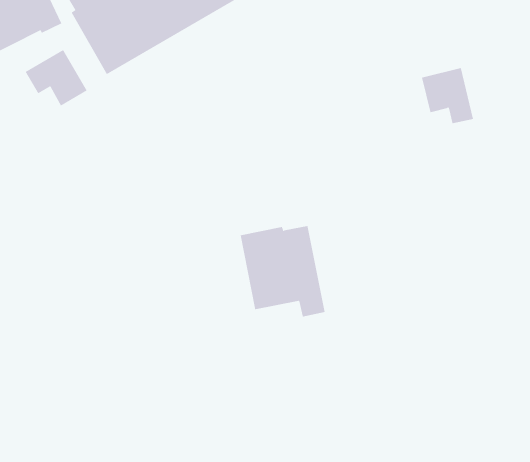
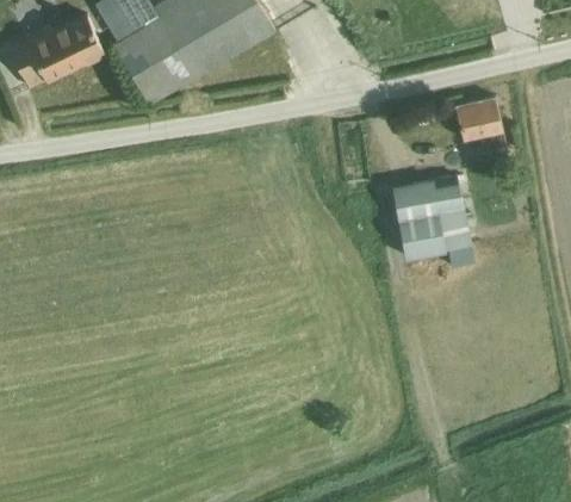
building: [25,49,88,106] -> none
building: [240,225,325,317] -> [391,178,474,267]

